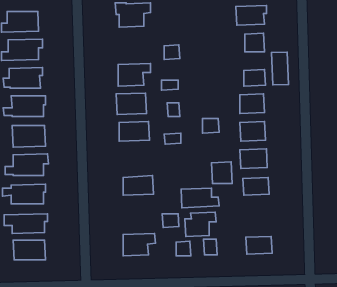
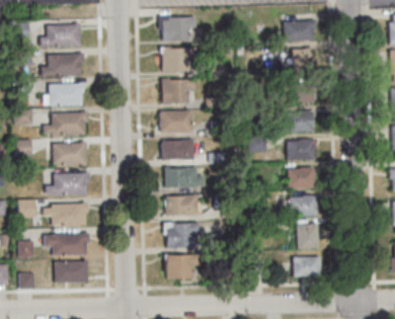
building: none -> [162,48,195,71]
building: [271,52,288,85] -> none
building: [212,162,232,183] -> [297,224,318,246]
building: [181,188,219,208] -> [164,166,204,186]
building: [185,212,216,237] -> [166,222,199,247]

